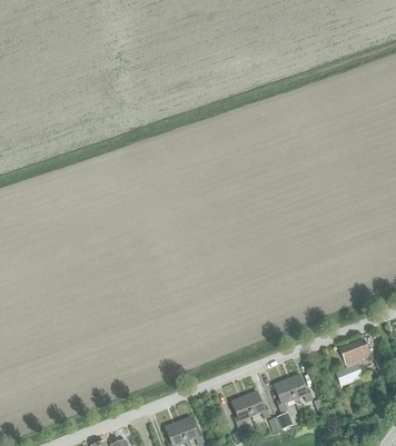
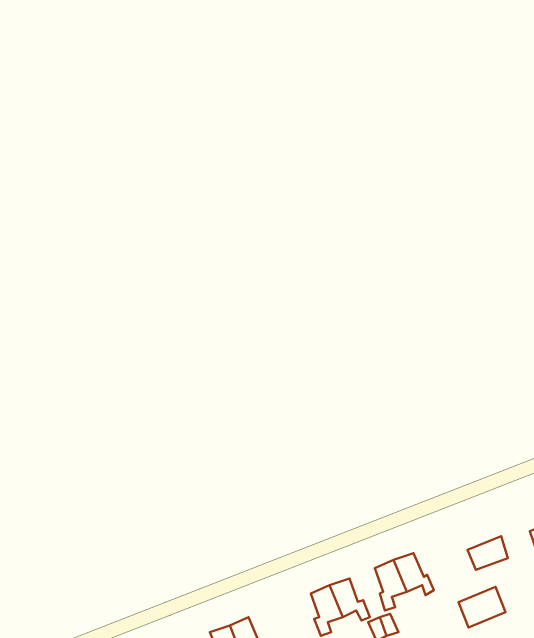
building: [339,338,370,365] -> [458,587,506,627]

